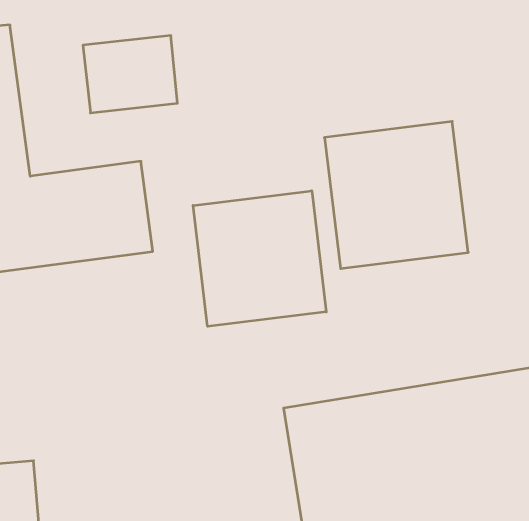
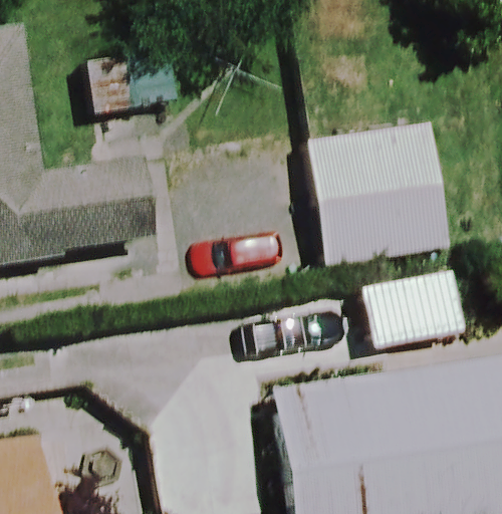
building: [193,191,326,326] -> none

